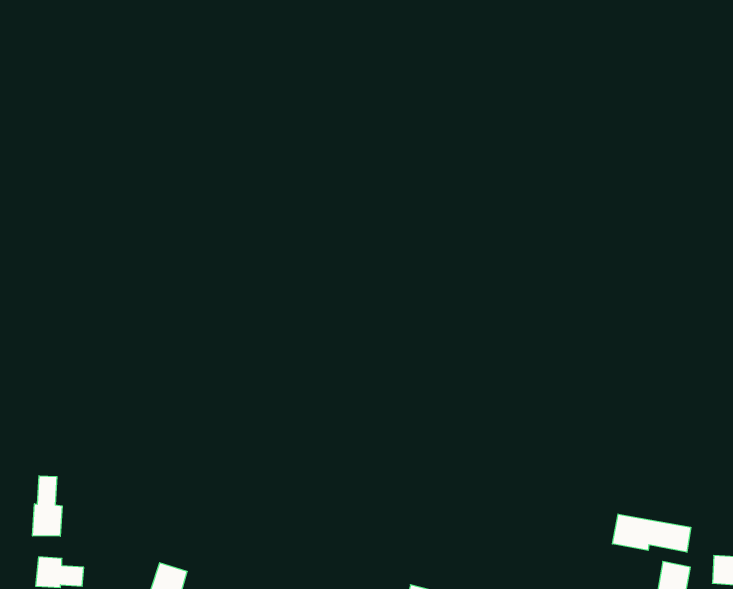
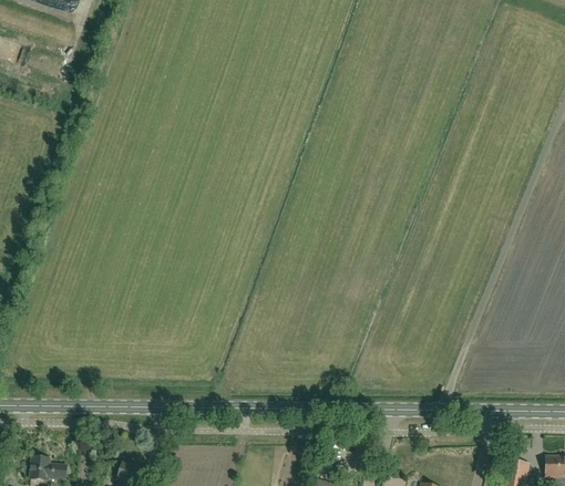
building: [33,476,62,536] -> none
building: [612,514,691,552] -> none

